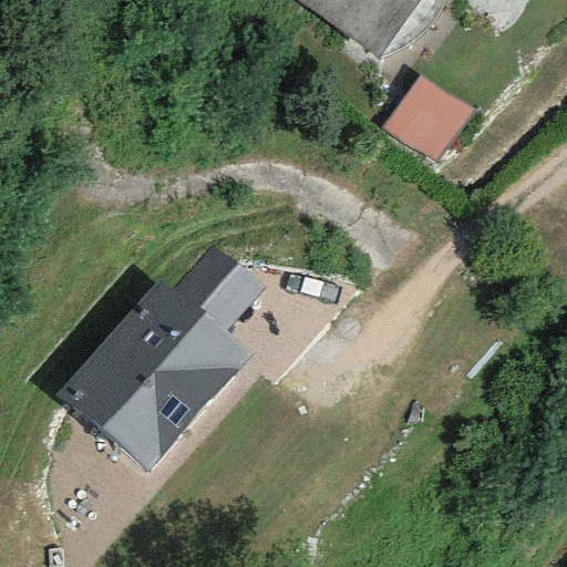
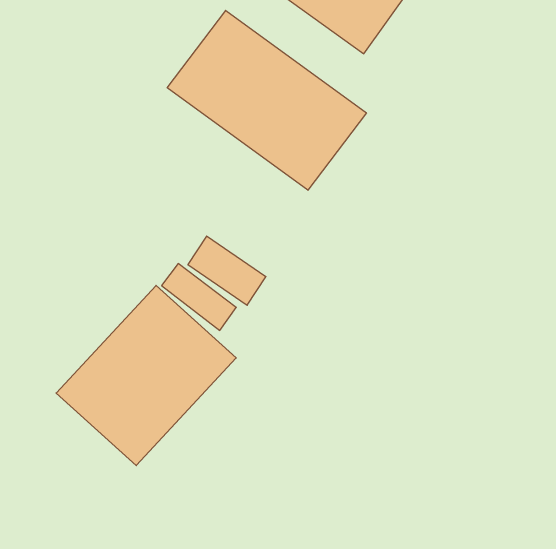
building: none -> [167,10,366,190]
building: [388,68,486,164] -> none

